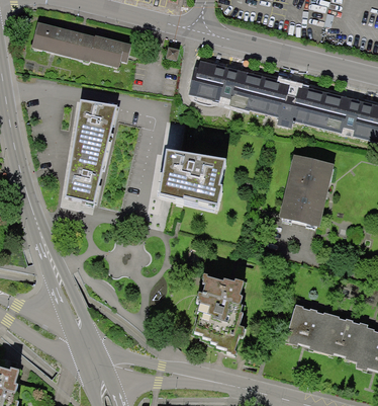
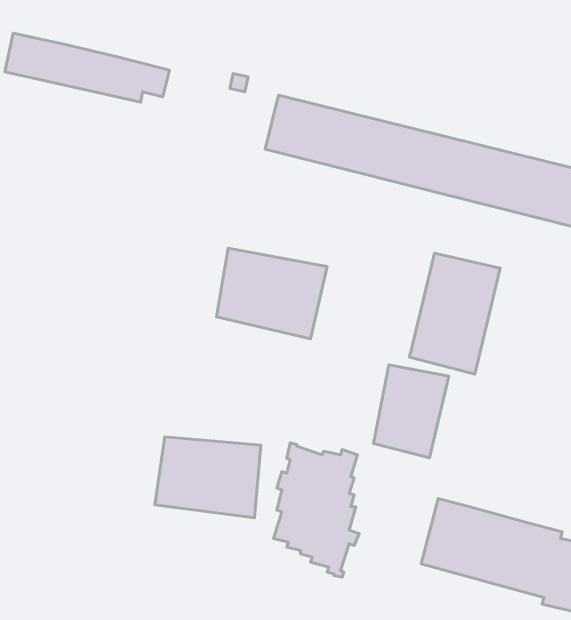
building: [65,98,117,201] -> none
building: none -> [373,365,449,458]
building: none -> [155,437,261,518]

